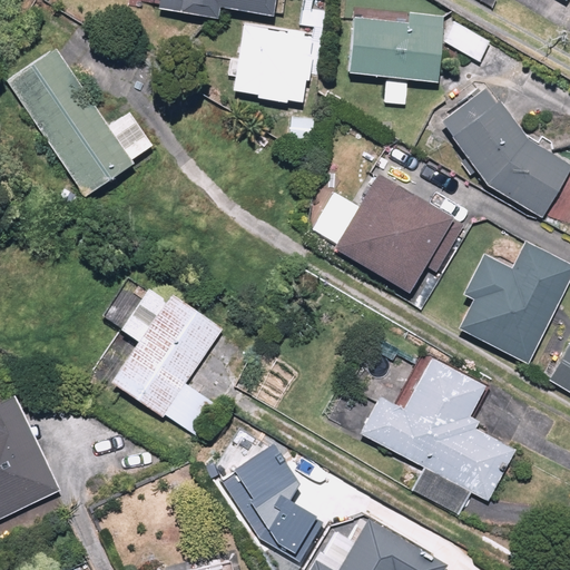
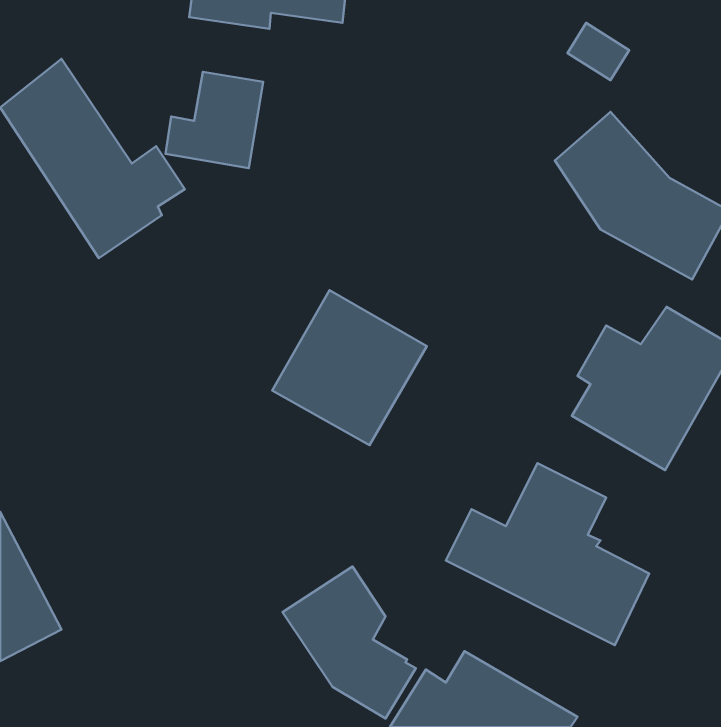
building: [346,9,448,104] -> none
building: [240,27,316,101] -> [166,72,263,168]
building: [328,170,449,291] -> [272,290,427,445]
building: [104,291,224,434] -> none

